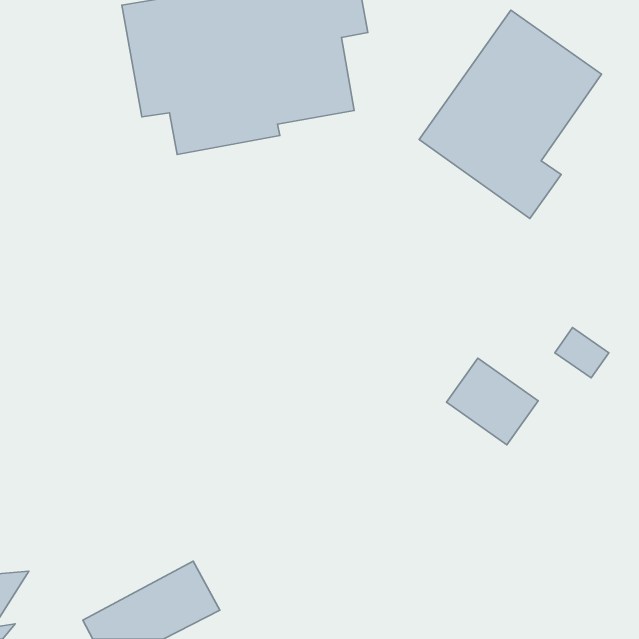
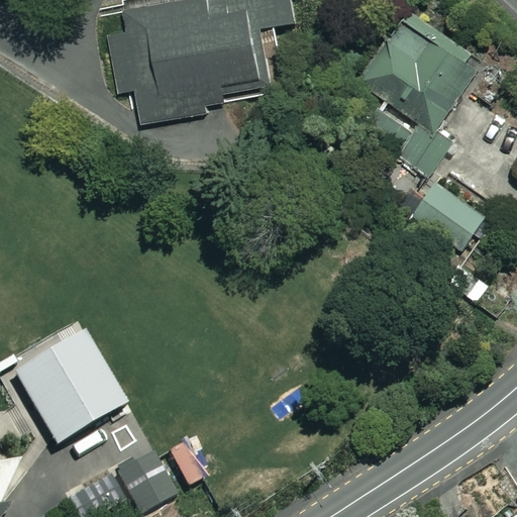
building: [447,358,538,445] -> [412,182,486,251]
building: none -> [14,329,127,442]

